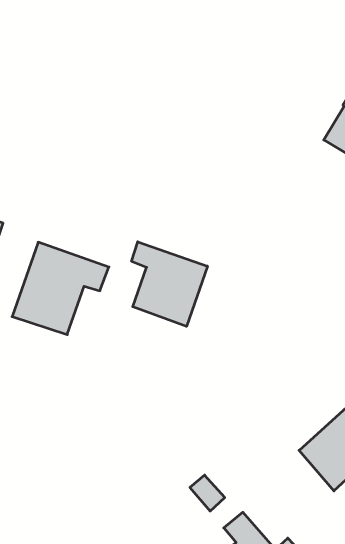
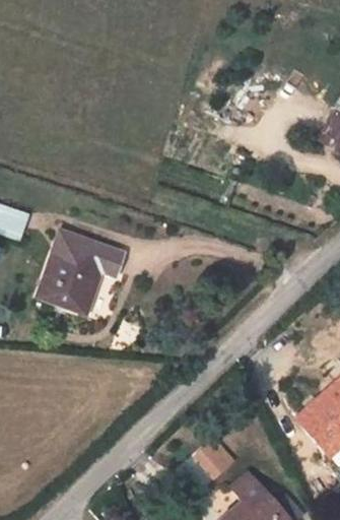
building: [132,242,207,326] -> none

